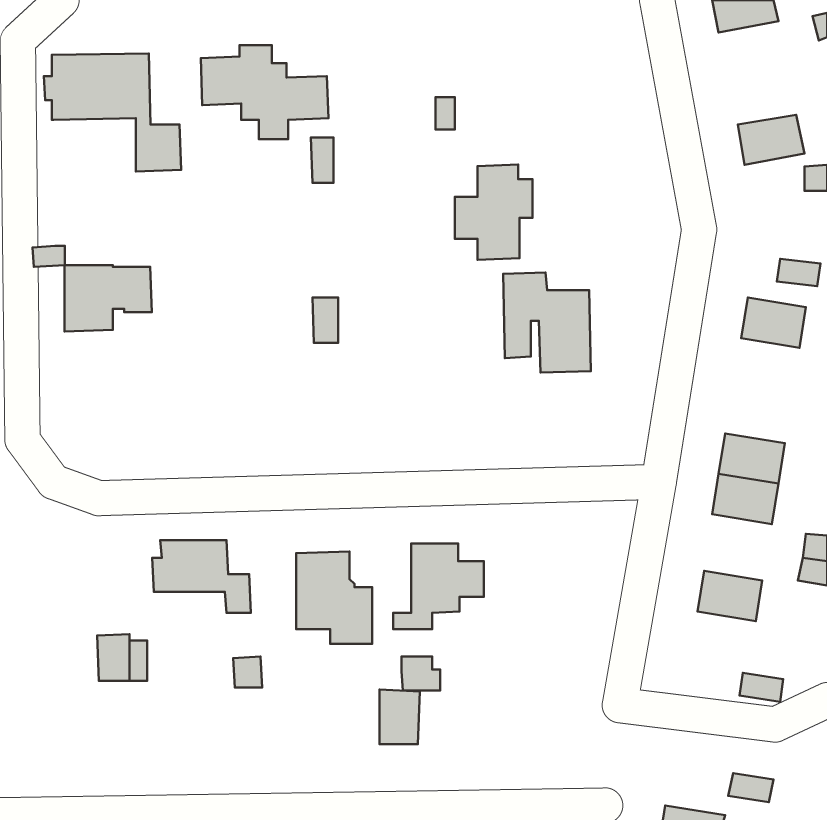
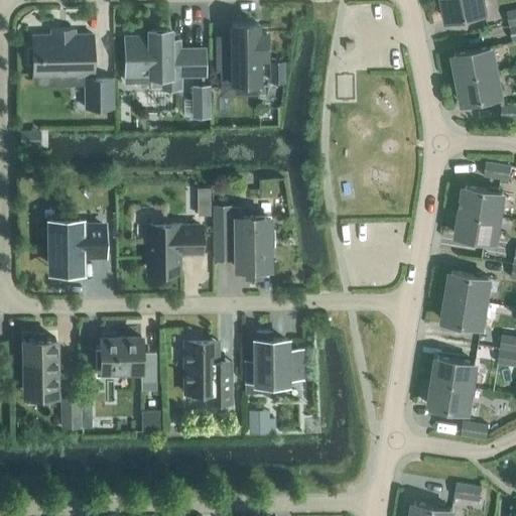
building: none -> [455,50,496,82]
building: [455,165,533,260] -> [218,26,266,86]
building: [64,265,152,332] -> [50,228,105,269]
building: [503,272,591,373] -> [214,209,268,271]
building: none -> [458,215,498,245]
building: none -> [148,227,202,271]
building: none -> [23,342,56,391]
building: none -> [430,385,471,415]
building: [379,690,420,744] -> none

